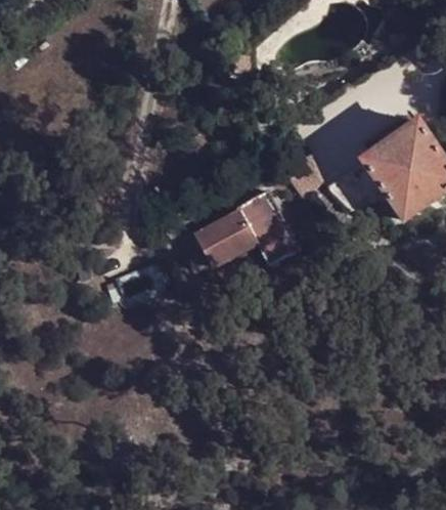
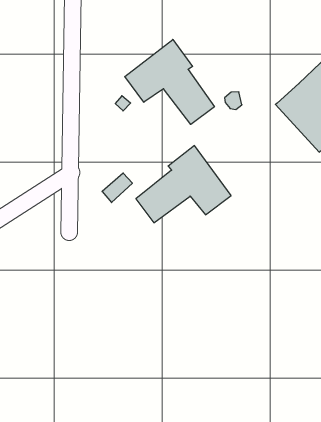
building: none -> [125,39,214,124]

